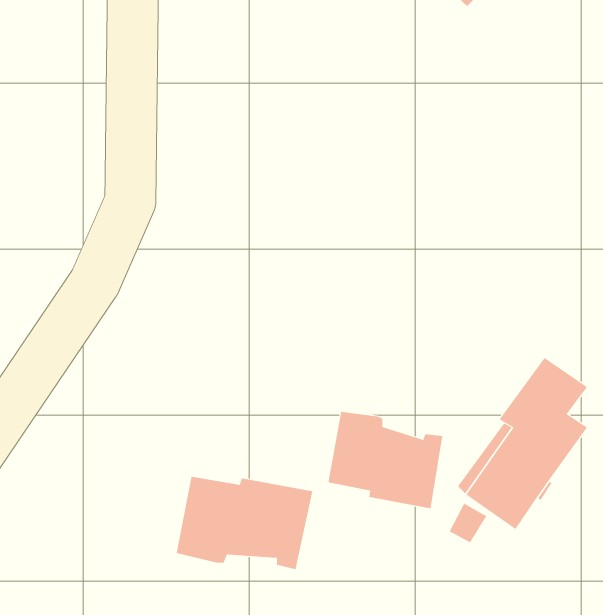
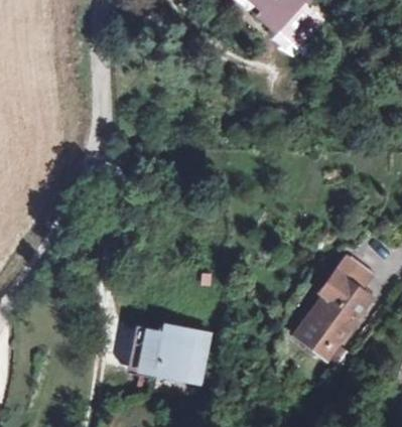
building: [328,411,443,509] -> none

